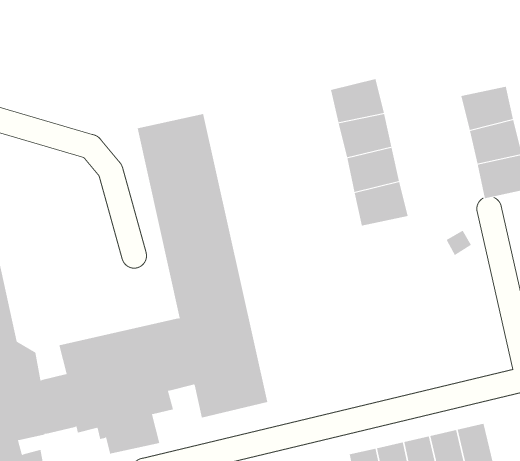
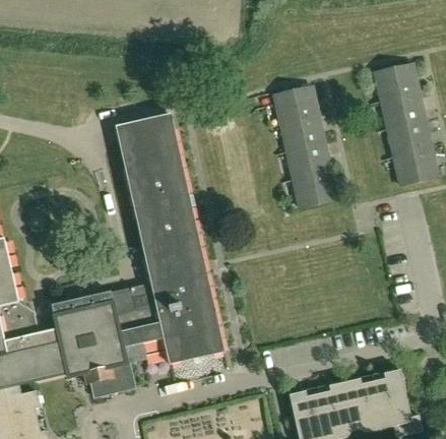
building: none -> [375,64,419,101]

